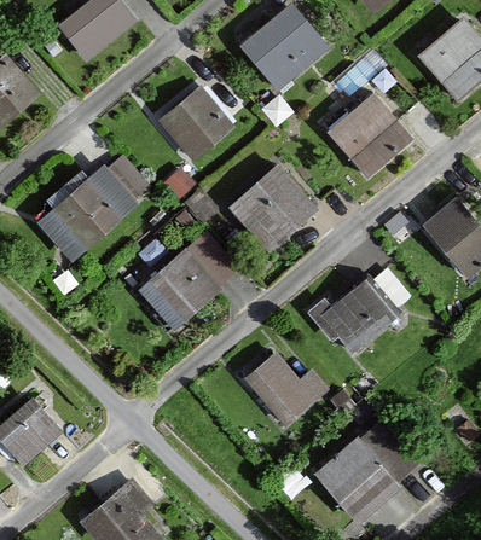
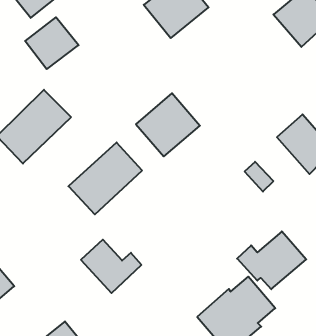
building: [158,89,232,161] -> [25,17,79,69]
building: [329,93,415,179] -> none
building: [306,277,401,356] -> [237,231,306,289]
building: [244,352,328,425] -> [81,240,141,293]

